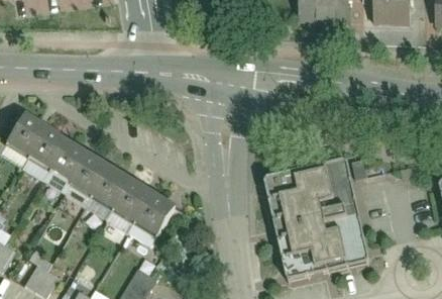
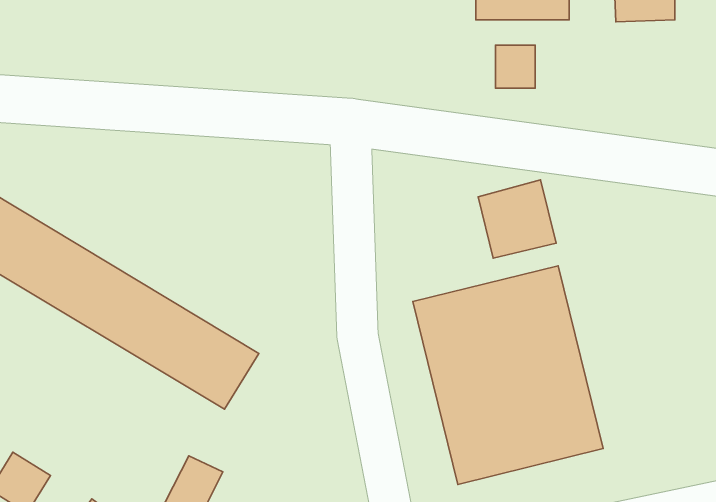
building: none -> [495,45,535,88]
building: none -> [478,180,556,258]

